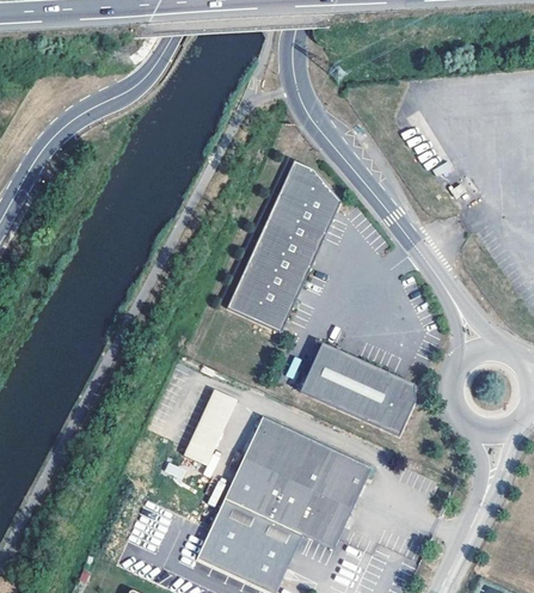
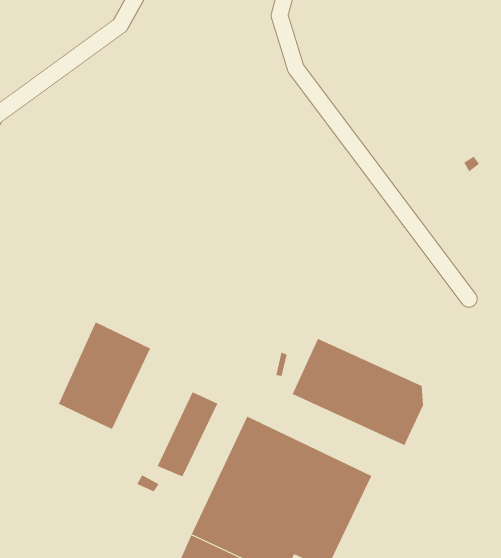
building: [227,161,342,335] -> none
building: none -> [58,322,151,430]

